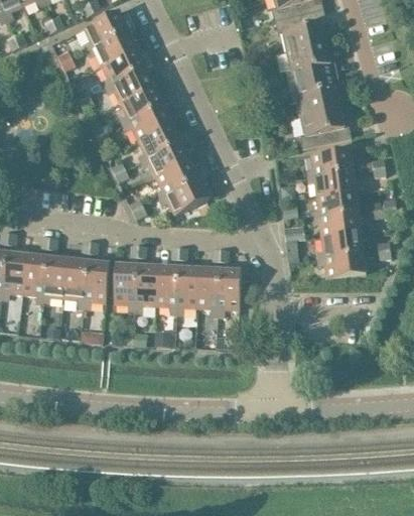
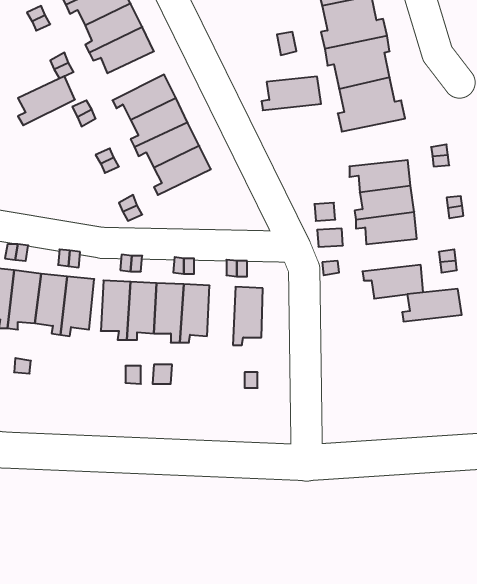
building: [118,85,162,123] -> [18,76,75,125]
building: [305,148,352,174] -> [261,77,321,110]
building: [157,176,208,214] -> none
building: [315,231,362,256] -> [402,289,462,321]
building: [195,267,218,313] -> none

